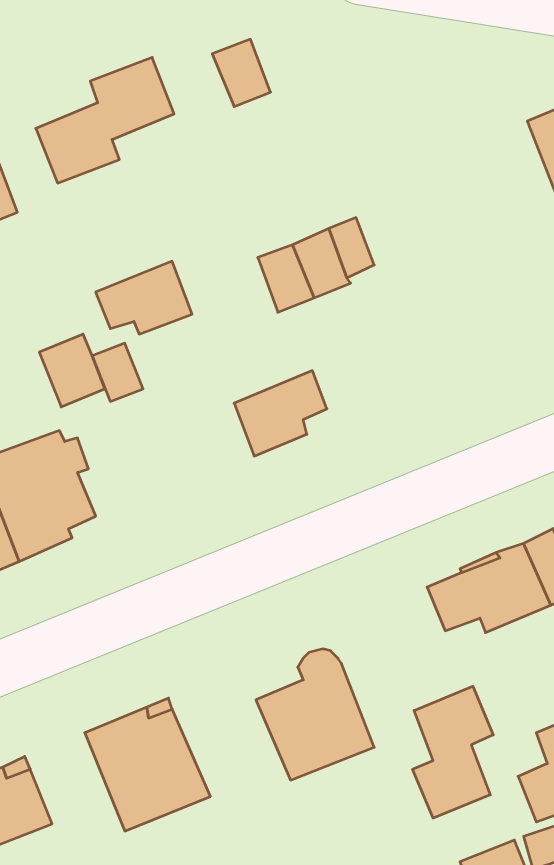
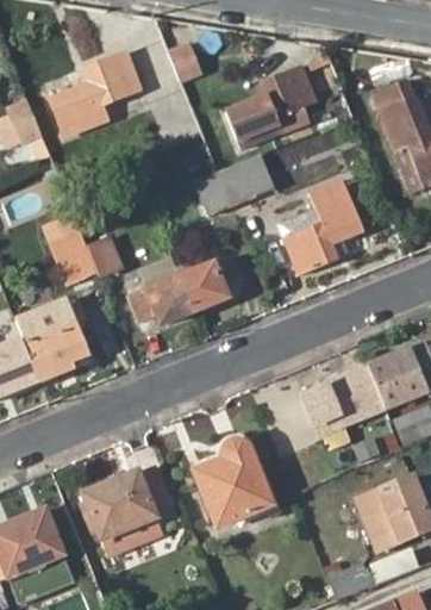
building: none -> [225,64,313,148]
building: none -> [276,179,363,274]
building: [96,261,192,334] -> [129,276,192,324]
building: [413,686,493,818] -> none

